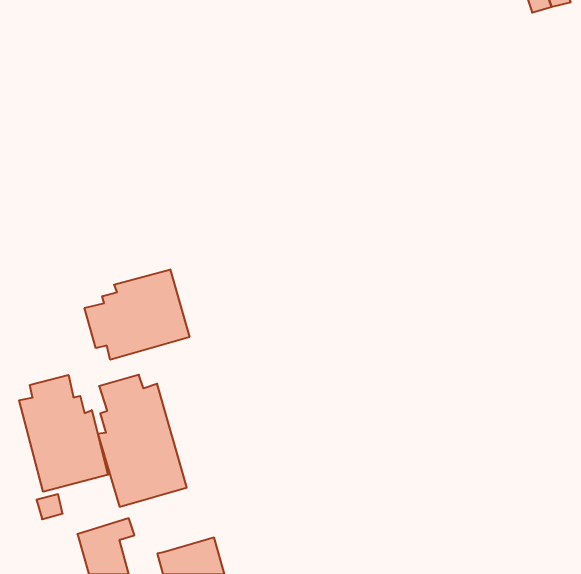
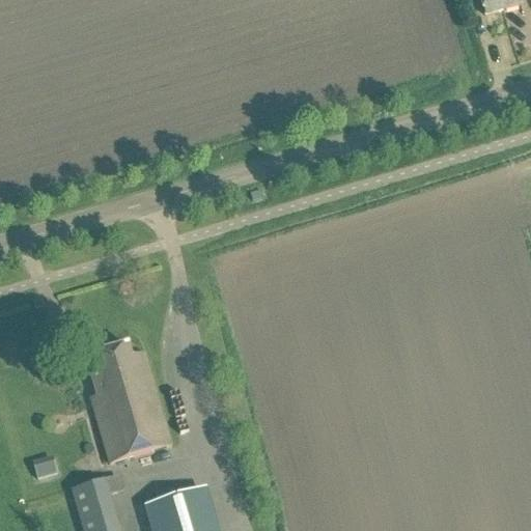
building: [85,269,189,360] -> none
building: [19,375,108,492] -> none

